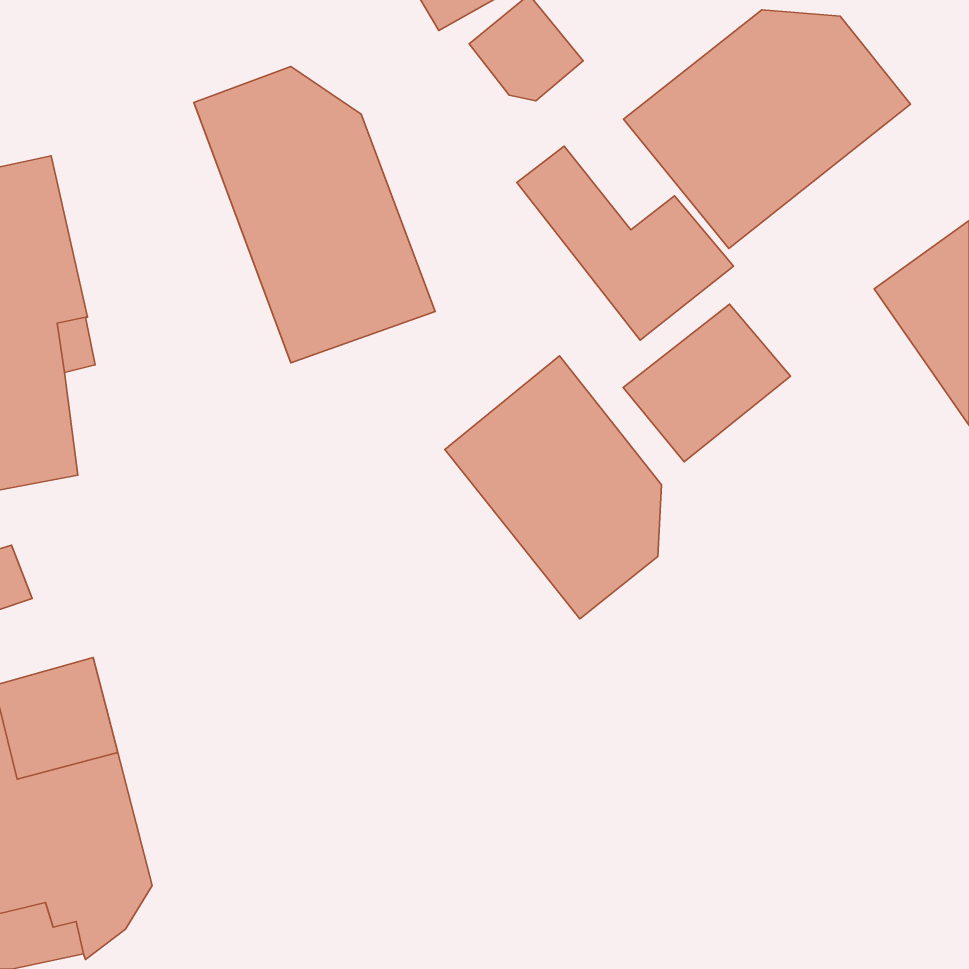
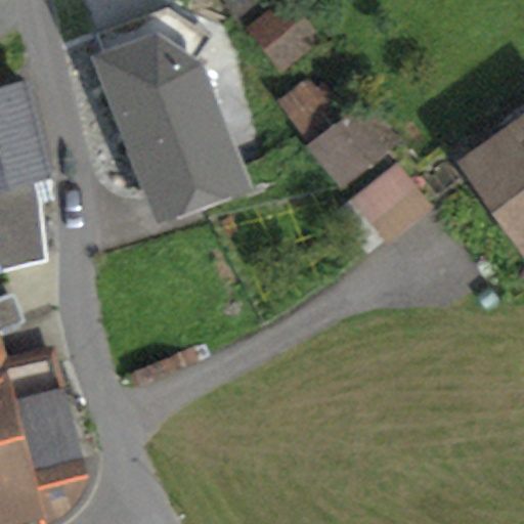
building: [623,10,910,249] -> none
building: [445,356,662,619] -> none

